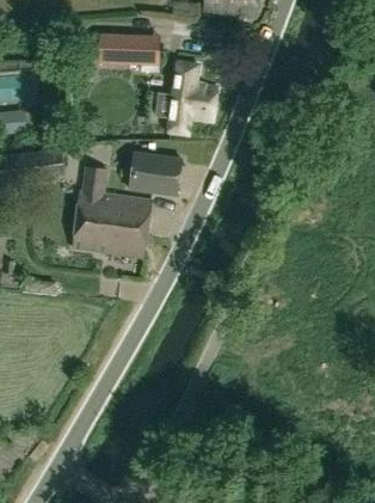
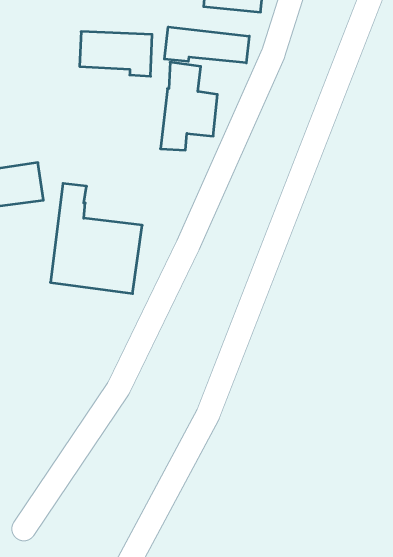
building: none -> [164,27,249,63]
building: [128,151,183,198] -> none

